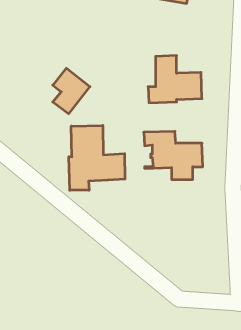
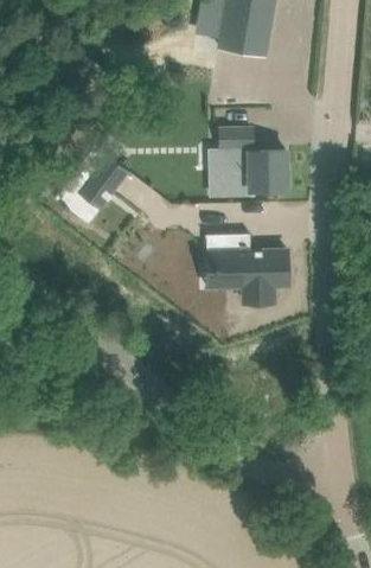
building: [69,125,125,190] -> none

